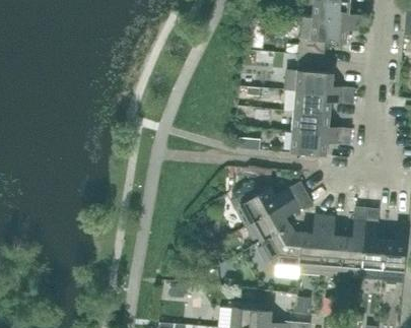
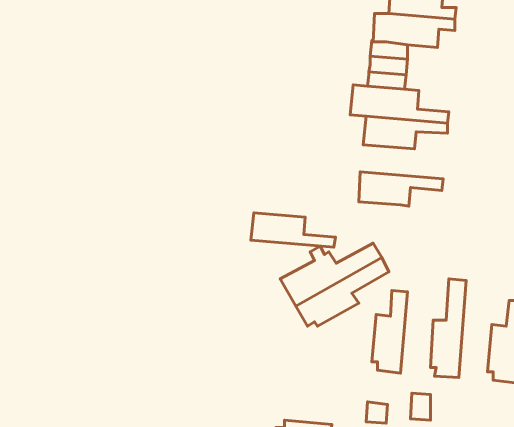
building: [292,111,352,135] -> [251,213,335,247]
building: [362,207,386,278] -> none
building: [321,215,344,274] -> none
building: [259,223,303,265] -> none

